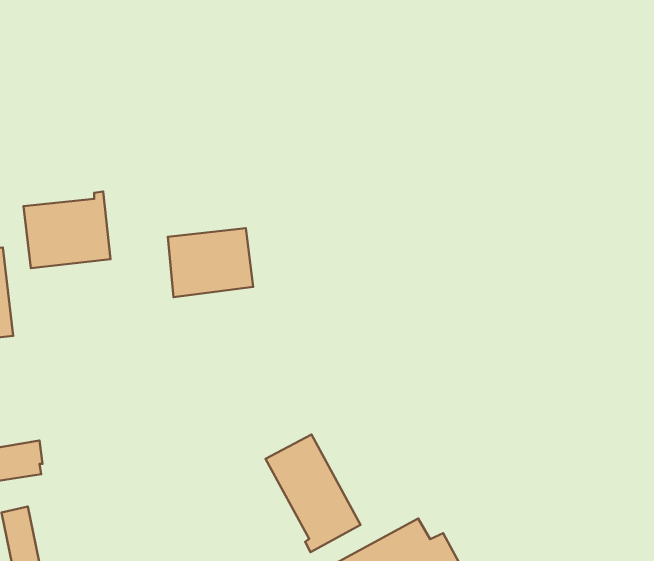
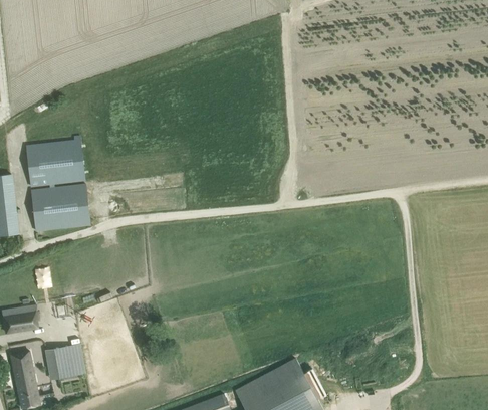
building: [168,228,253,297] -> [32,184,90,231]
building: [265,435,361,552] -> none
building: none -> [47,344,86,379]

